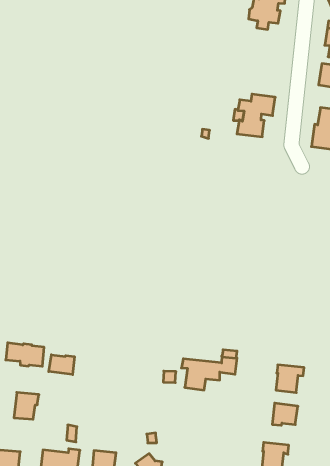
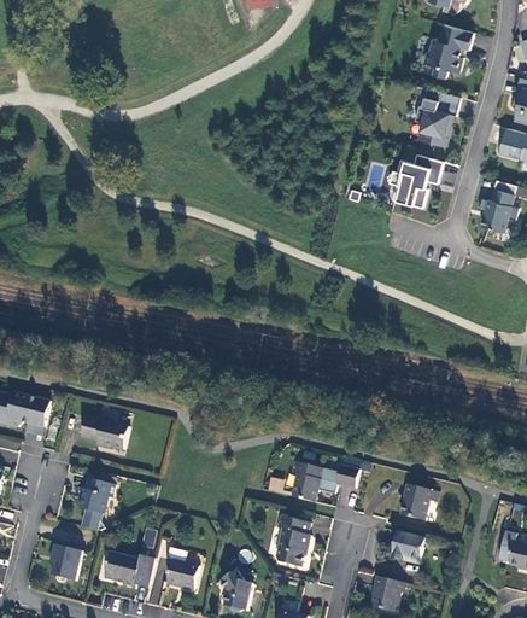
building: none -> [415,86,461,145]
building: [49,355,74,375] -> none
building: none -> [276,515,310,567]

